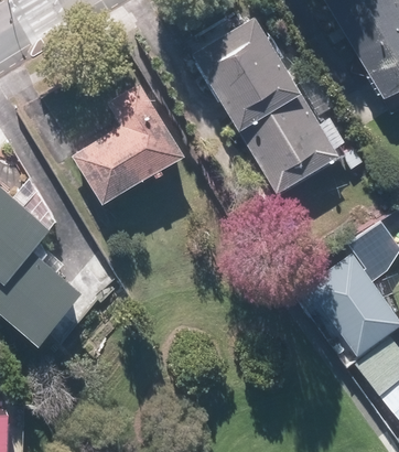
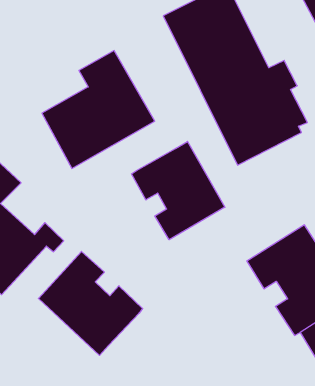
building: none -> [132,141,225,240]
building: none -> [38,251,143,355]

